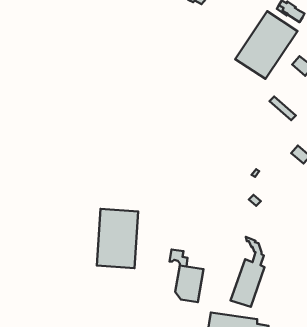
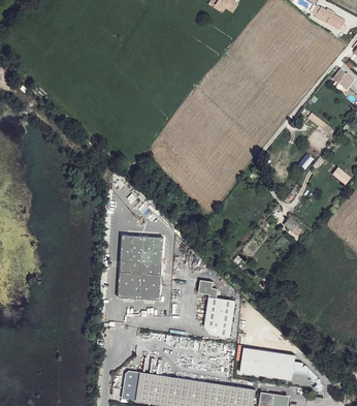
building: [235,11,297,79] -> none
building: [231,237,264,307] -> none

